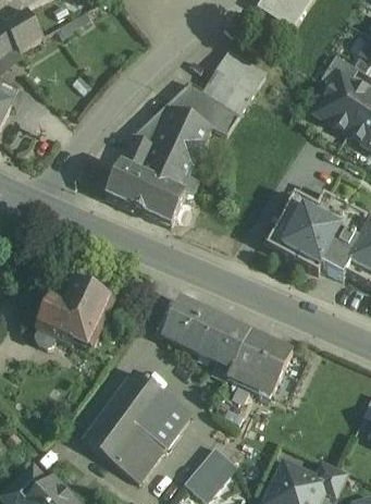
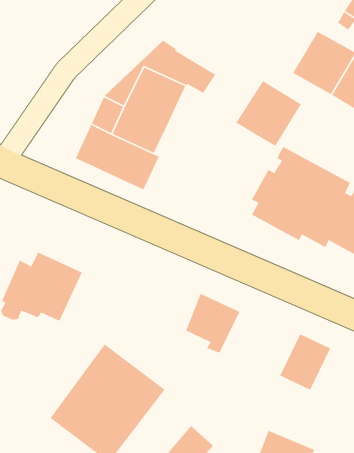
building: [201,51,264,114] -> [235,80,302,147]
building: [163,299,224,357] -> none
building: [243,339,292,393] -> [279,333,331,391]

